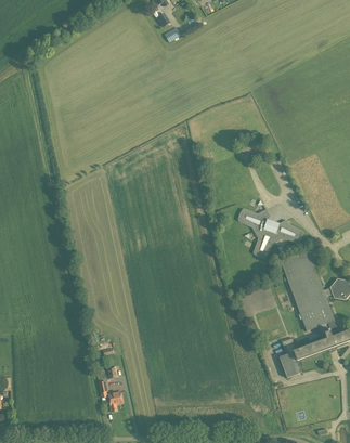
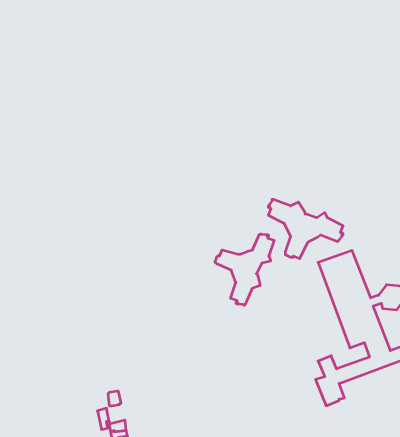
building: none -> [215,234,274,305]

